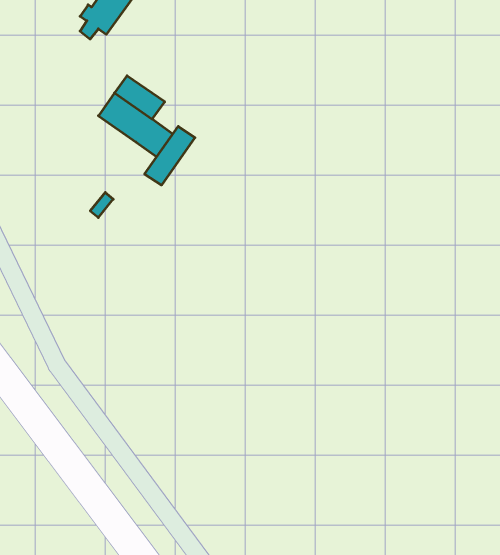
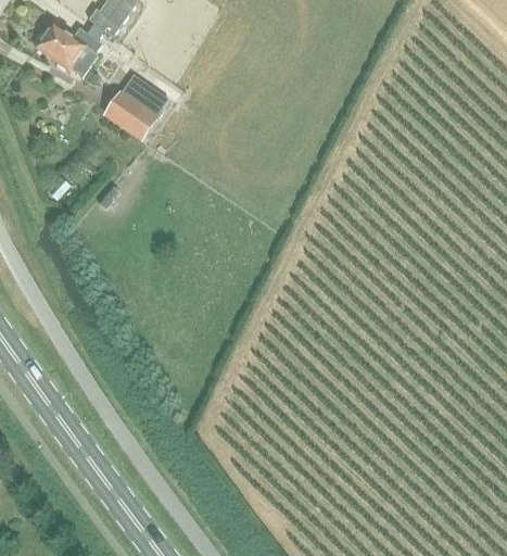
building: none -> [38,24,101,76]
building: [145,126,195,185] -> none

